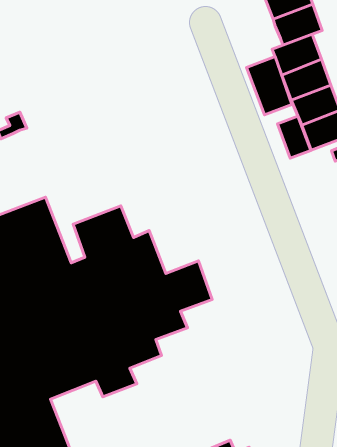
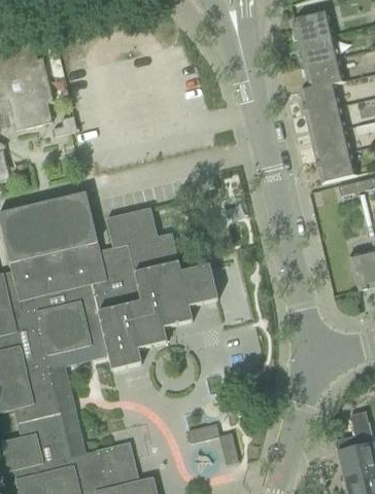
building: [247,57,292,115] -> none
building: [277,116,311,158] -> none

